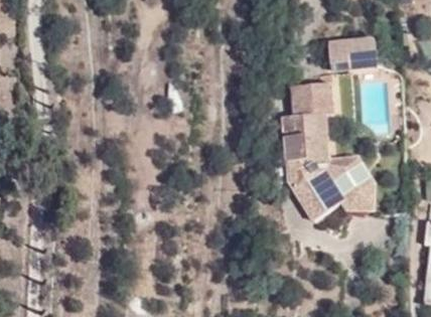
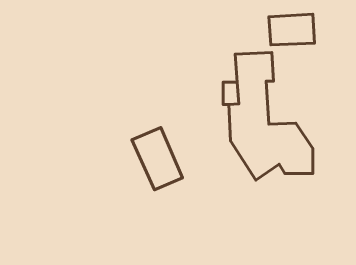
building: none -> [132,128,182,190]

